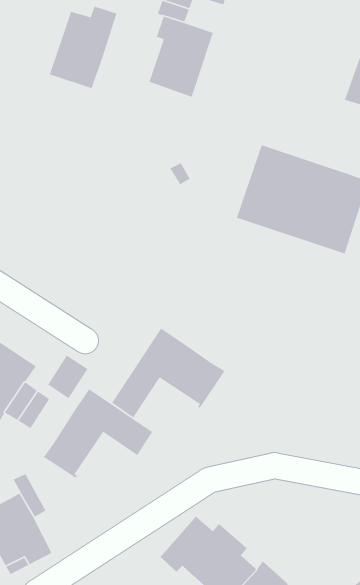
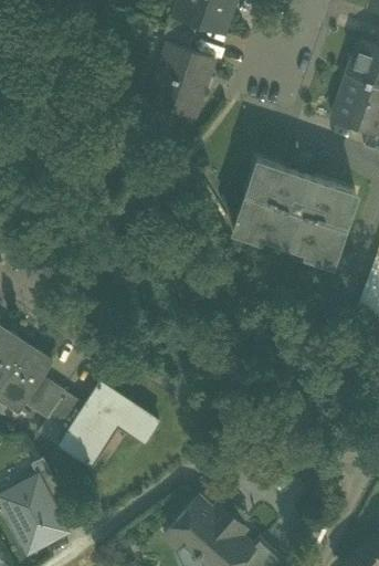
building: [49,6,117,89] -> none
building: [111,328,226,418] -> none
building: [47,354,88,399] -> [46,392,84,433]

